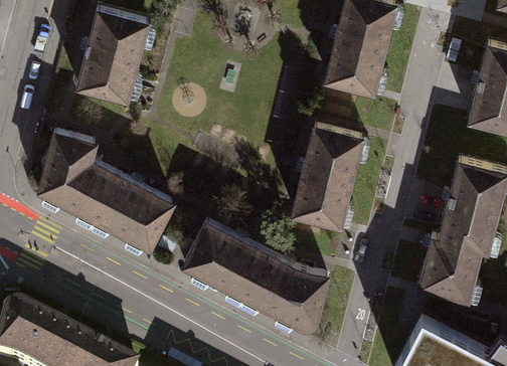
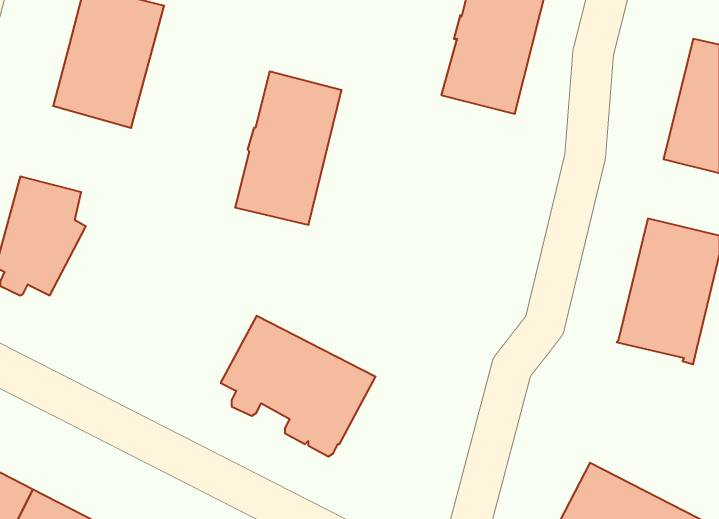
building: [294,125,362,223] -> [235,71,342,225]
building: [75,163,173,250] -> none
building: [419,234,483,299] -> none
building: [262,259,328,328] -> none

